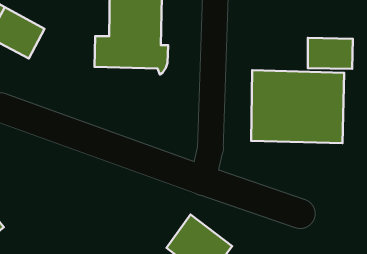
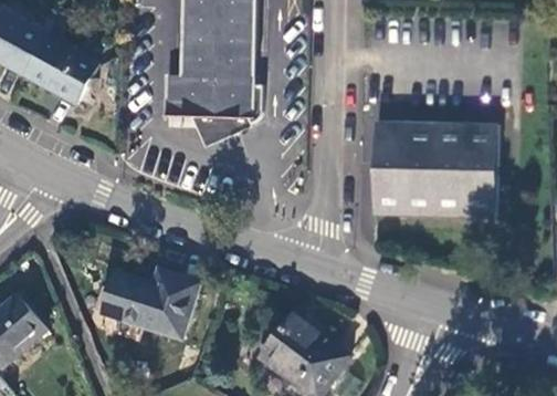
building: [308,38,353,69] -> none
building: none -> [104,269,199,336]

